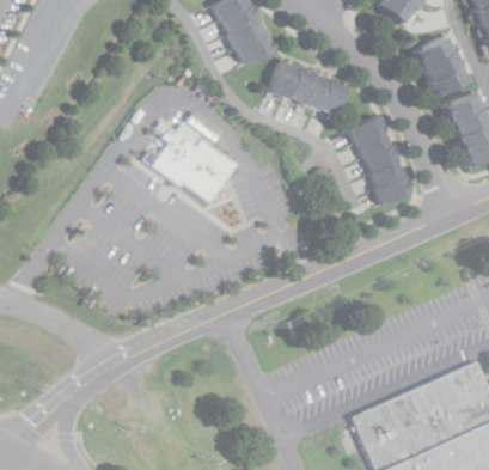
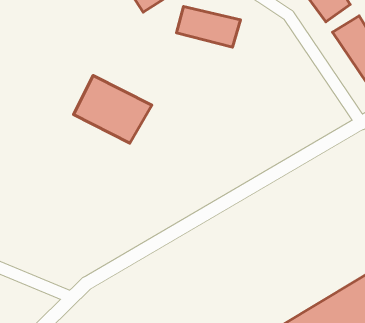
building: [347,114,415,202] -> none

